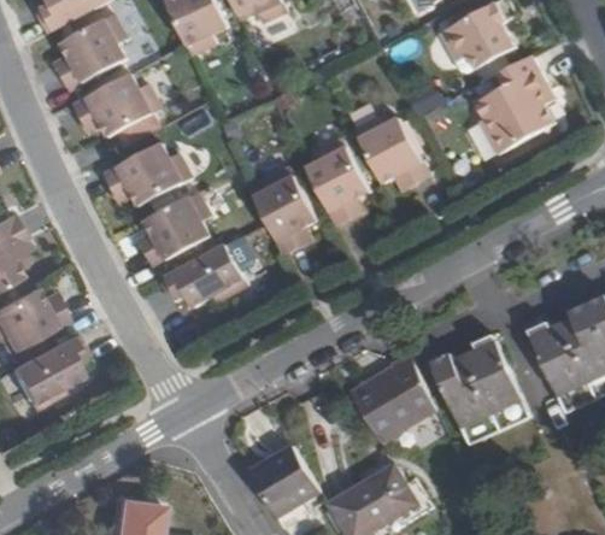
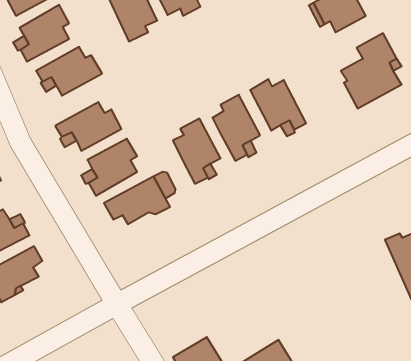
building: [434,333,533,442] -> none
building: [356,368,440,457] -> none

